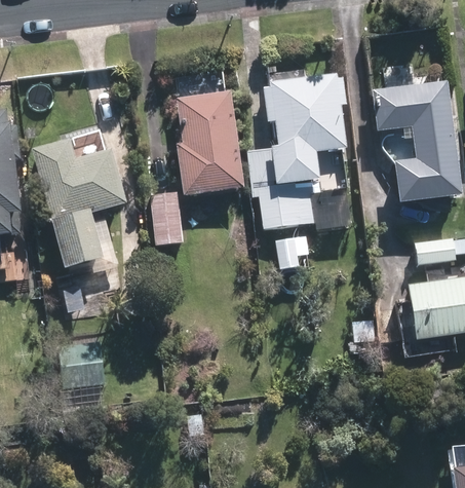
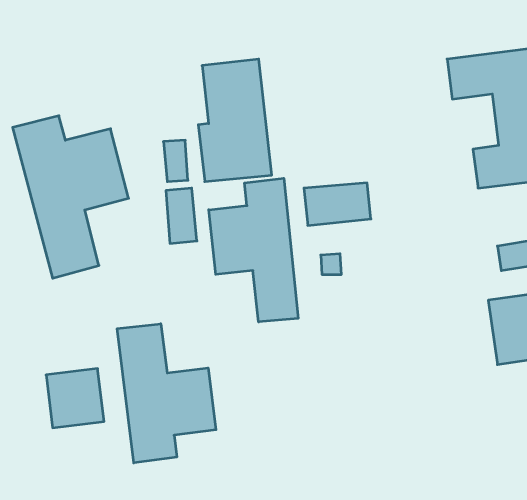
building: [267,78,344,181] -> none
building: none -> [209,178,298,322]
building: none -> [117,324,216,463]

